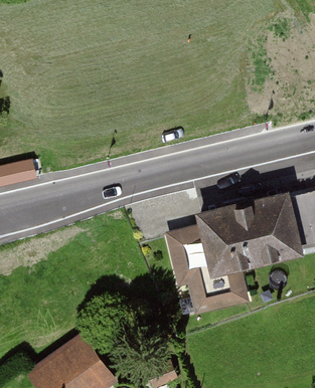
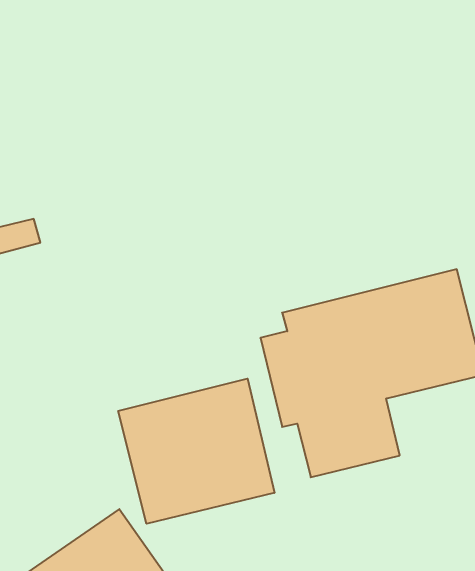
building: none -> [118,379,274,524]

